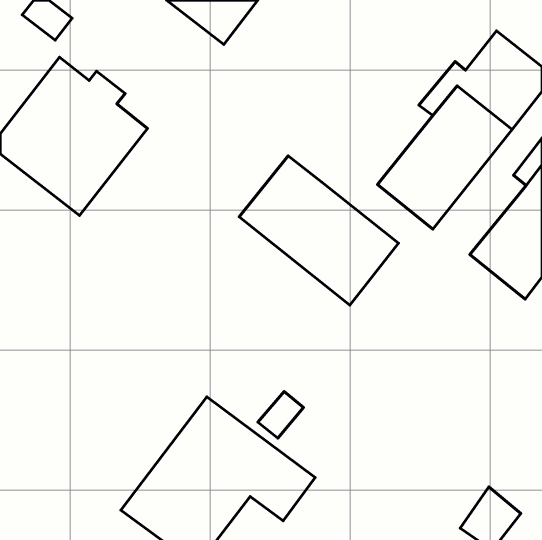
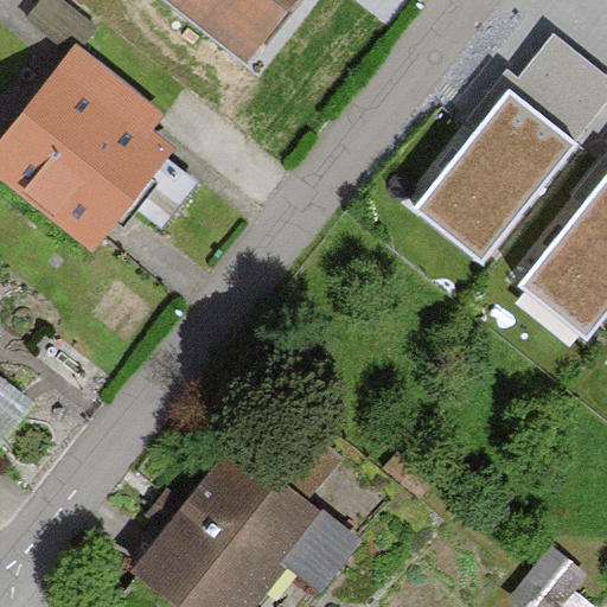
building: [239,156,399,305] -> none

